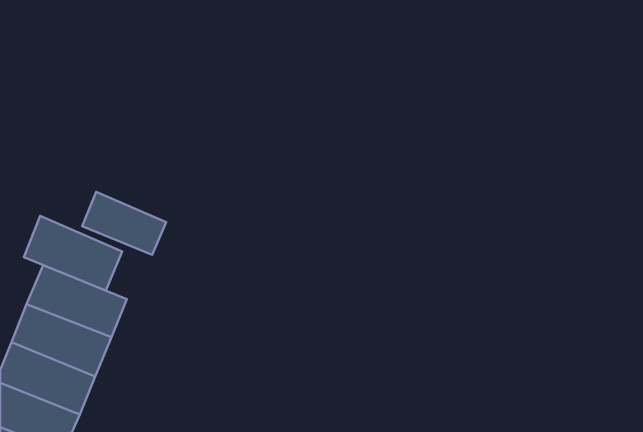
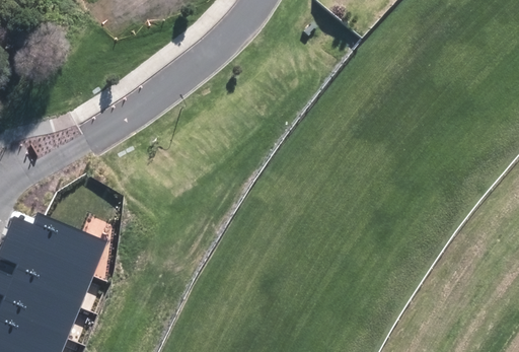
building: [82,192,166,255] -> none
building: [24,216,122,291] -> none

